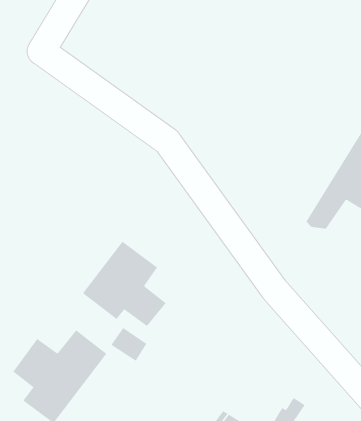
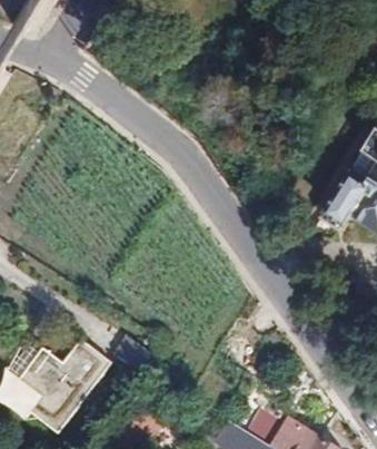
building: [82,241,166,327] -> none

